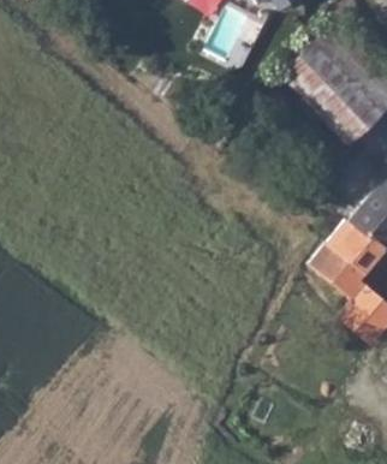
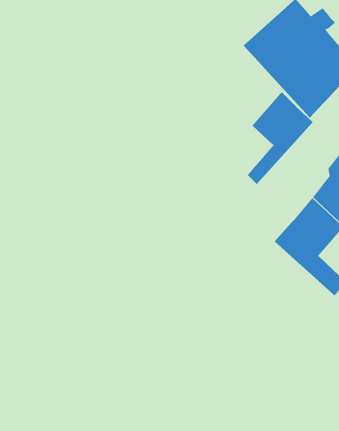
building: none -> [247,91,314,185]

